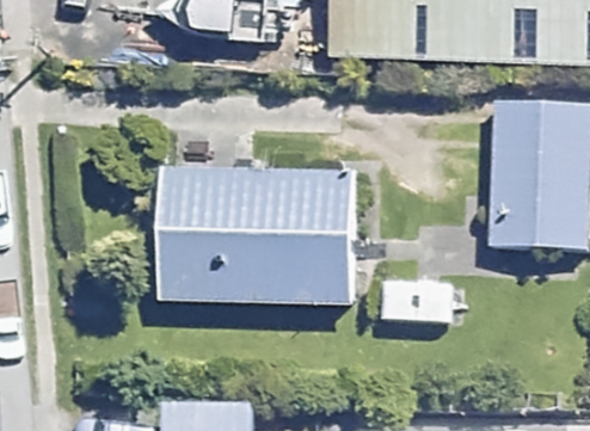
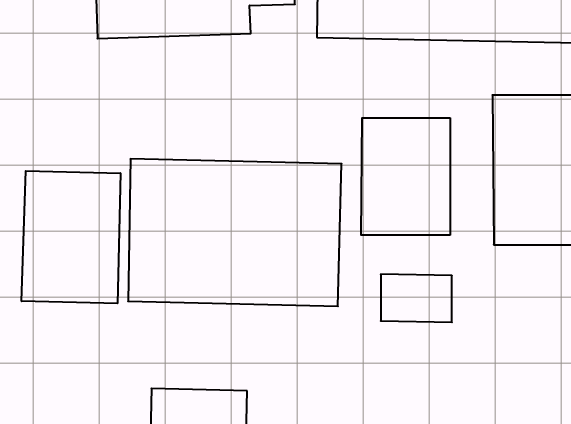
building: none -> [361,118,450,235]
building: none -> [22,171,120,303]

